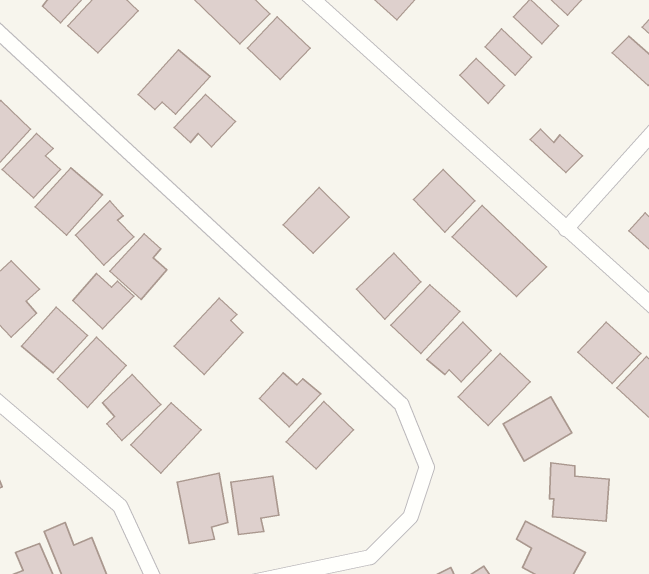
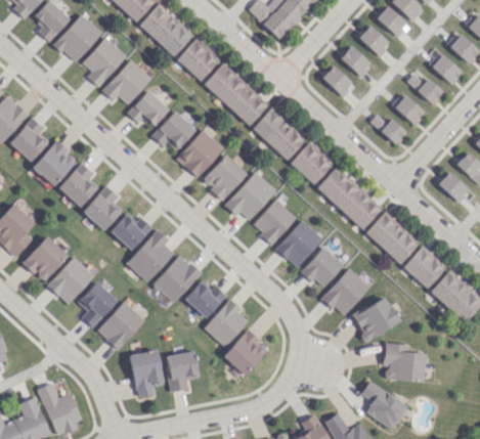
building: none -> [82,37,127,86]
building: none -> [204,62,268,125]
building: none -> [407,69,443,104]
building: none -> [395,94,425,125]
building: none -> [253,106,306,159]
building: none -> [151,111,195,149]
building: none -> [176,129,224,177]
building: none -> [225,171,276,219]
building: none -> [365,211,420,263]
building: [73,274,134,329] -> [111,212,152,250]
building: none -> [154,255,201,302]
building: none -> [223,330,268,375]

